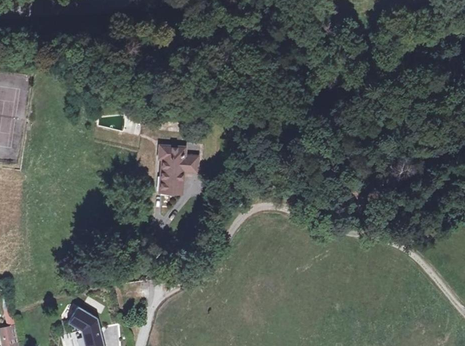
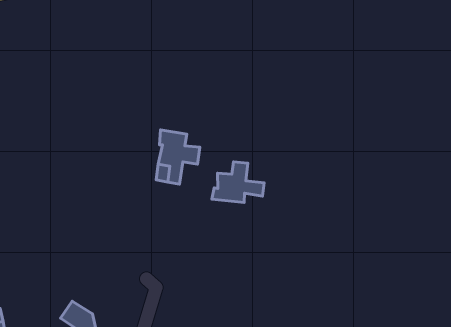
building: none -> [212,162,264,203]

